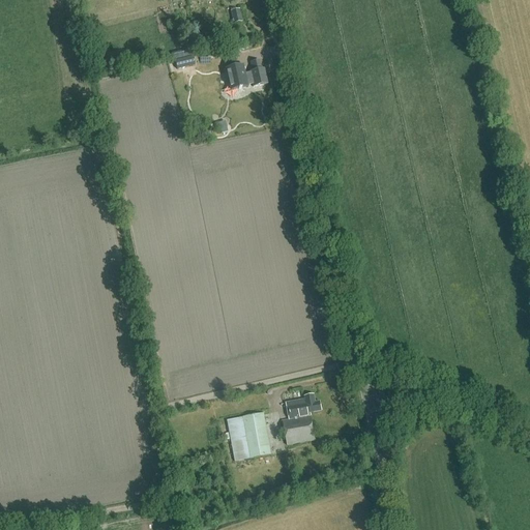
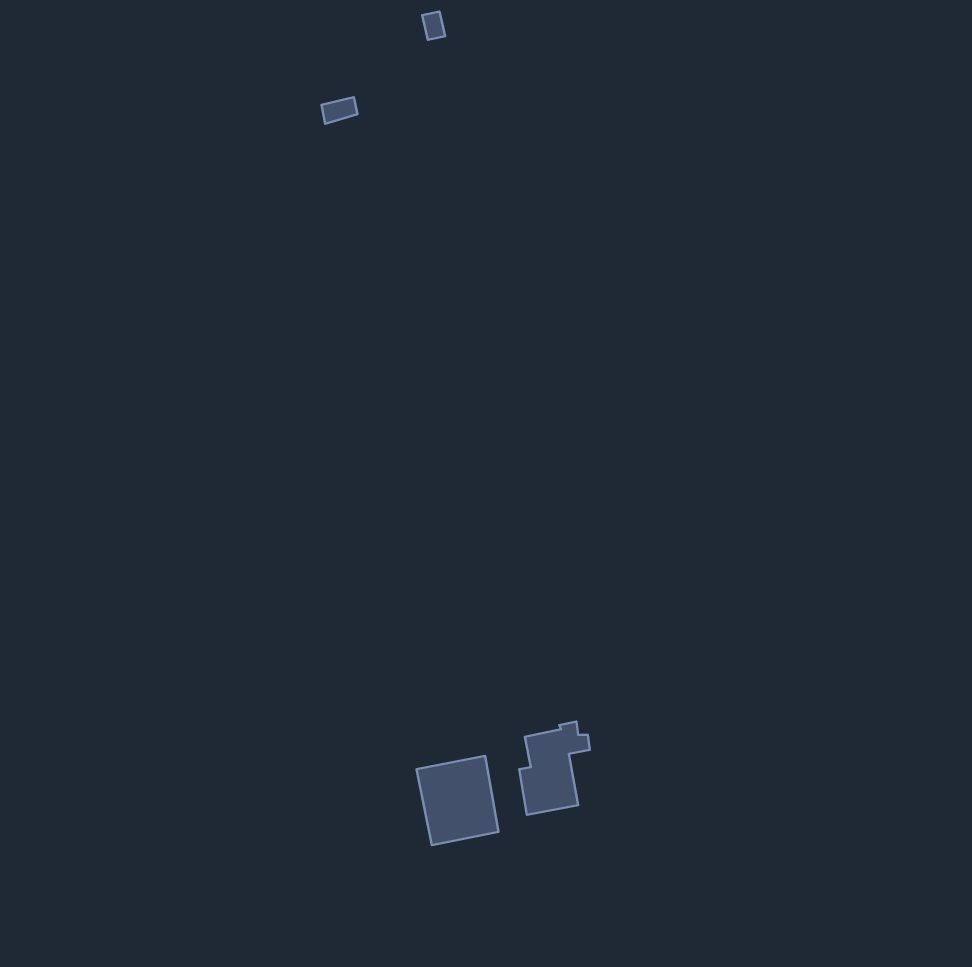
building: [226,58,267,88] -> none

